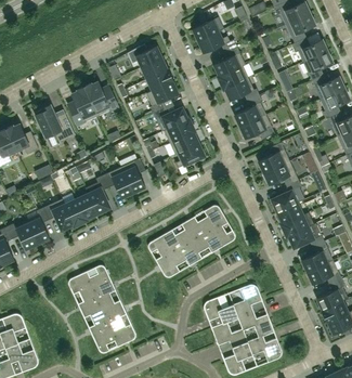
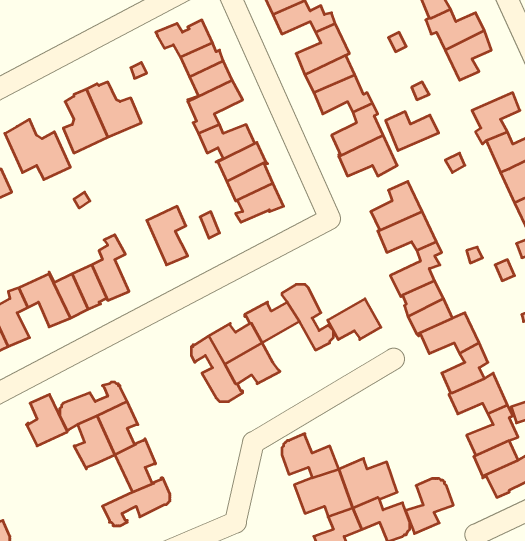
building: [312,75,344,99] -> [386,112,439,151]
building: [102,166,133,197] -> none
building: [192,227,224,252] -> [328,299,381,340]
building: [233,284,262,317] -> [405,479,453,534]
building: [88,309,113,340] -> [26,394,67,446]

